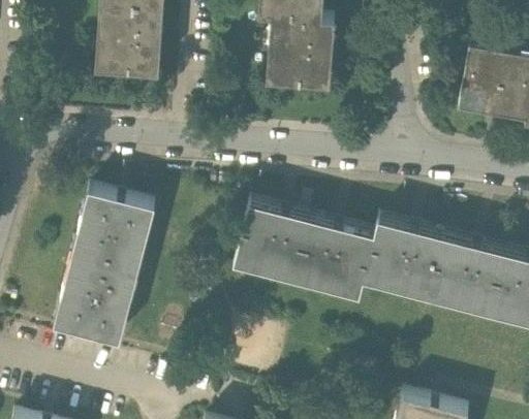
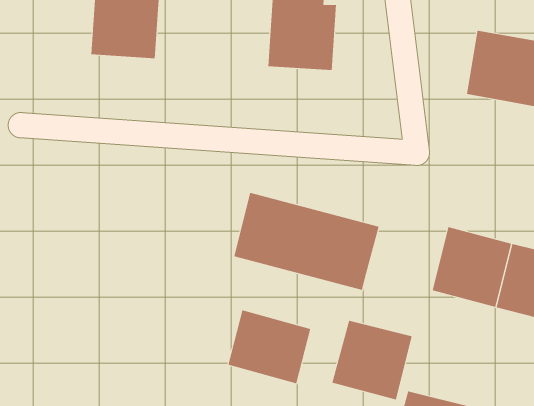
building: [54,192,154,344] -> none
building: [363,222,441,299] -> [331,320,413,400]
building: none -> [228,310,311,384]

